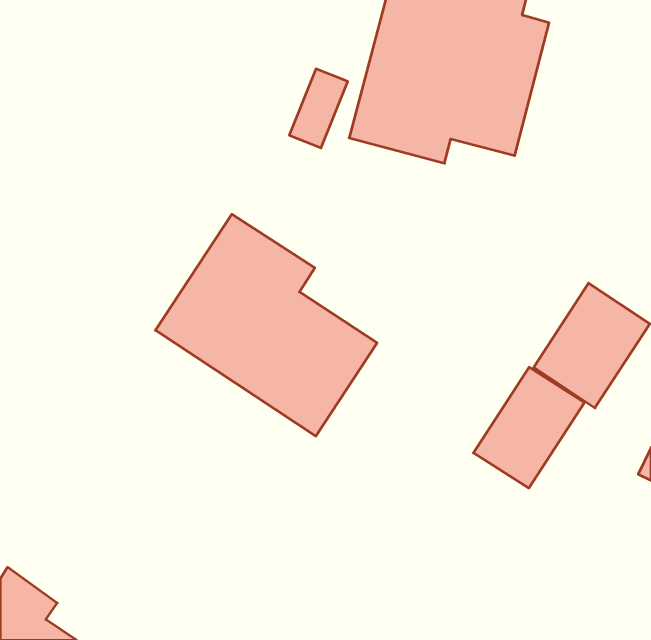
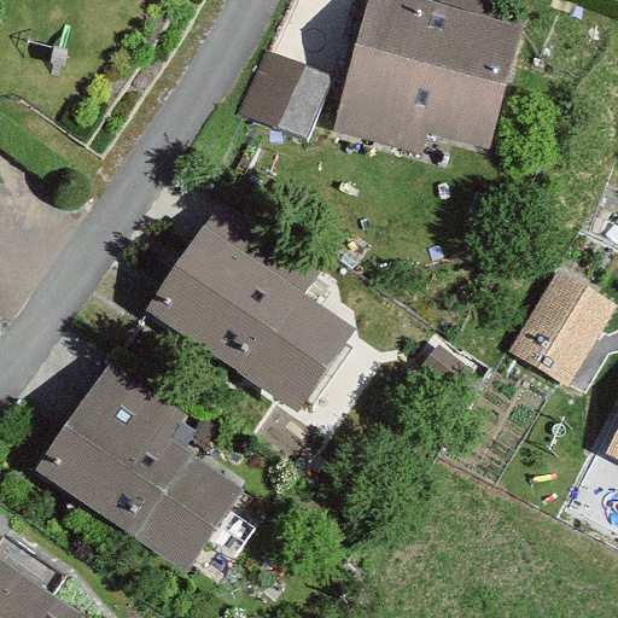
building: [473,367,584,488] -> none
building: none -> [34,363,244,573]

